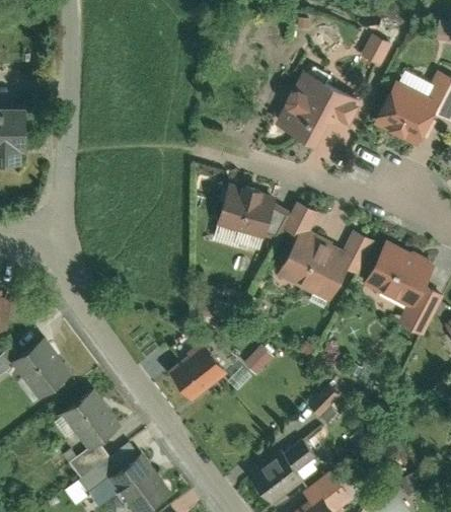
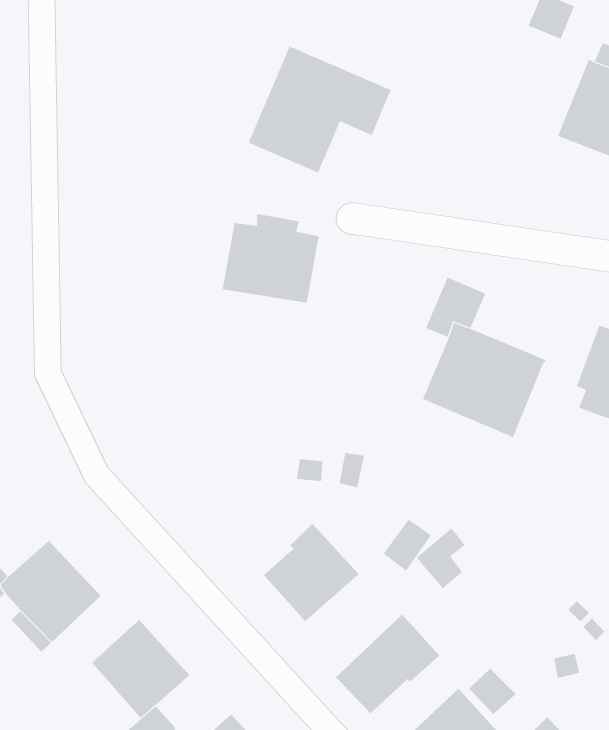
building: [275,69,364,147] -> [248,46,392,173]
building: [215,184,277,240] -> [222,214,320,303]
building: [342,231,375,269] -> none
building: [311,387,342,424] -> [416,527,465,589]
building: none -> [335,614,440,714]

